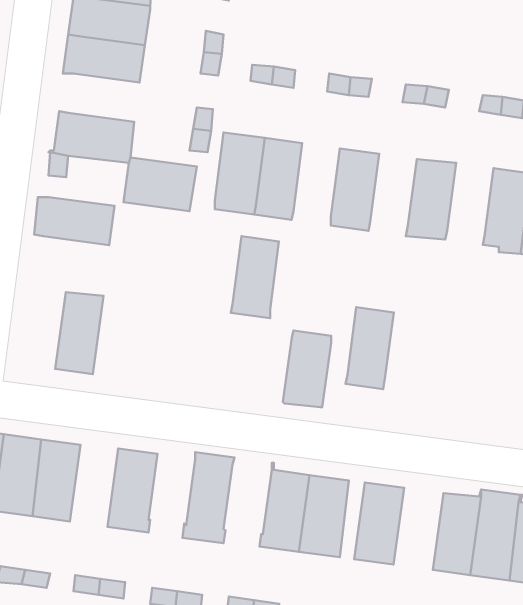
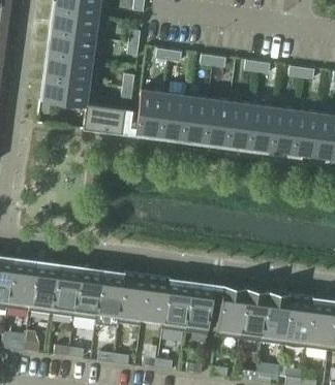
building: none -> [269,106,297,154]
building: [34,197,115,245] -> [45,55,92,83]
building: [231,236,279,318] -> [180,95,208,142]
building: [55,292,103,374] -> [52,269,80,317]
building: [346,307,394,389] -> [224,101,252,149]
building: [283,330,331,407] -> [141,277,169,321]
building: none -> [97,274,124,316]
building: none -> [239,294,268,342]

